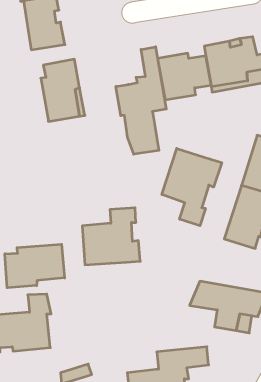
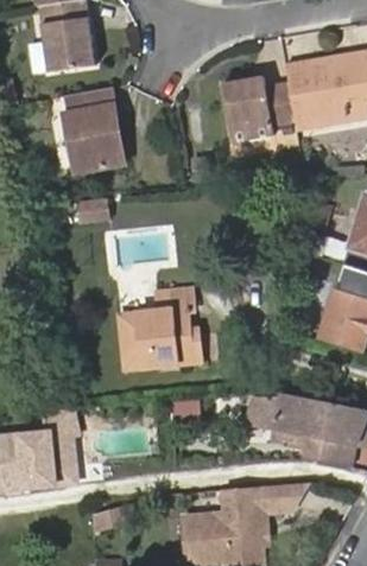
building: [116,47,166,154] -> none
building: [162,148,222,226] -> none
building: [5,244,65,288] -> none

